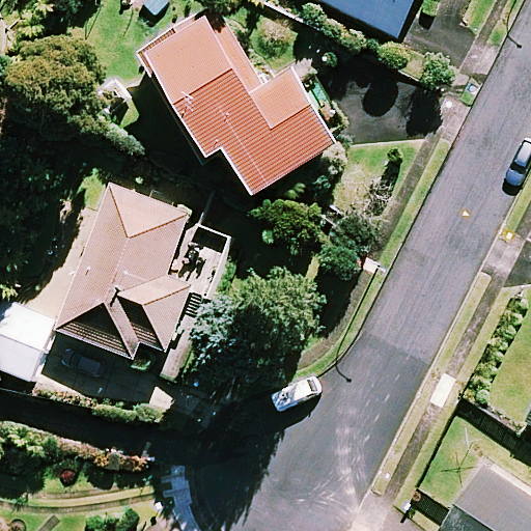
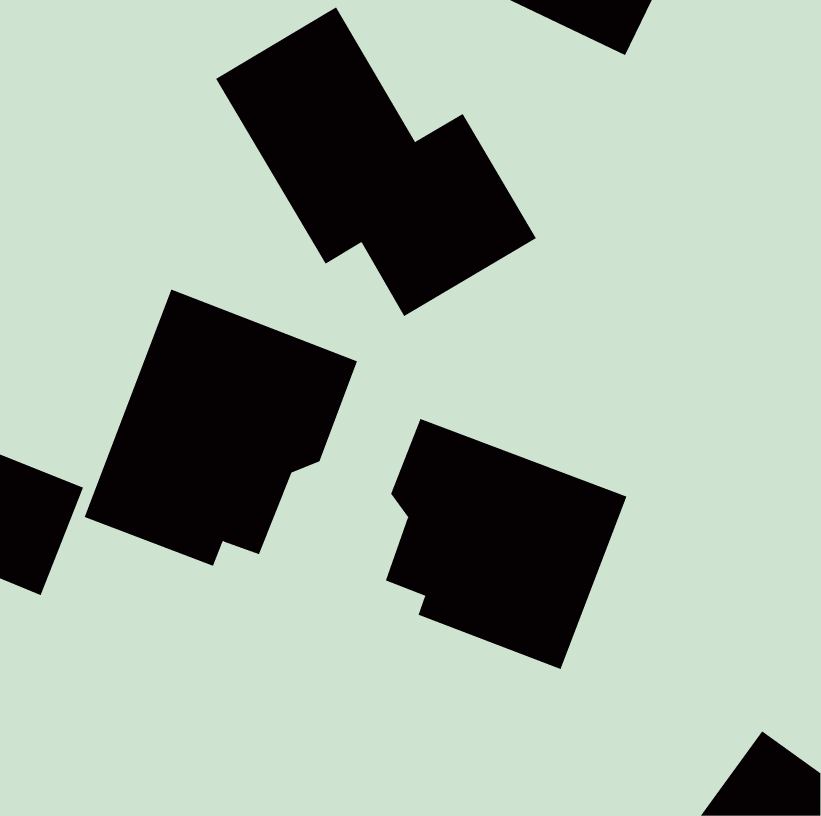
building: none -> [385,418,627,670]

